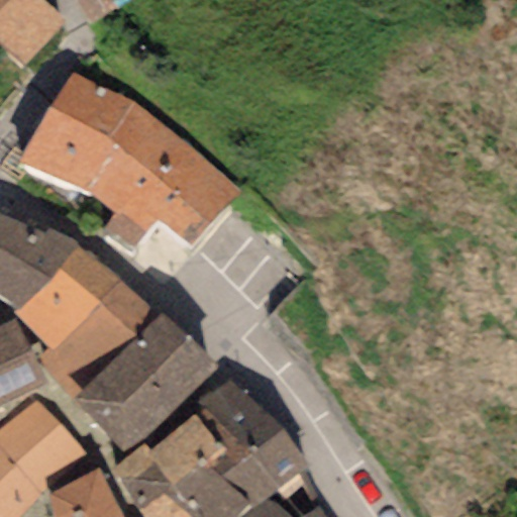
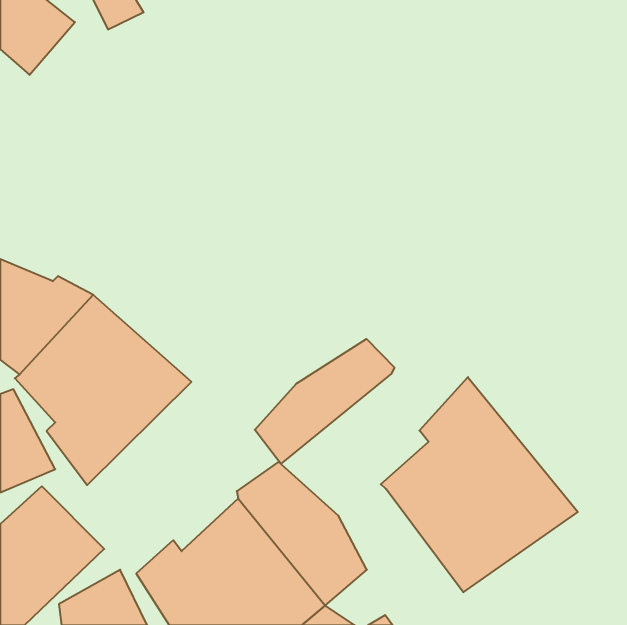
building: [17,72,238,246] -> none
building: none -> [255,339,394,464]
building: none -> [381,377,578,592]
building: [72,314,213,451] -> none

